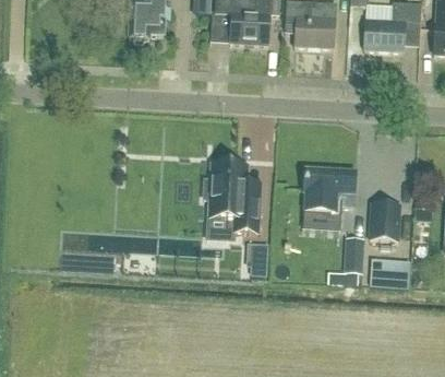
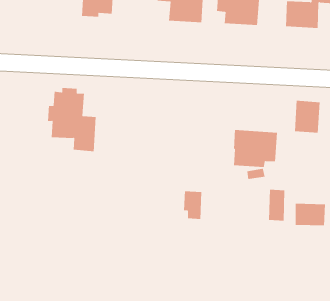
building: [205,158,262,233] -> [47,87,96,152]
building: [370,202,400,240] -> [294,100,321,133]

